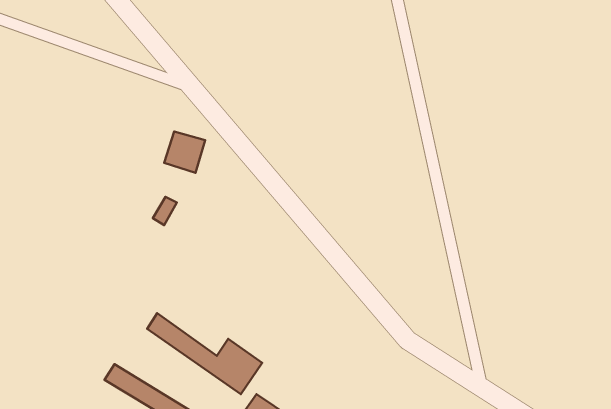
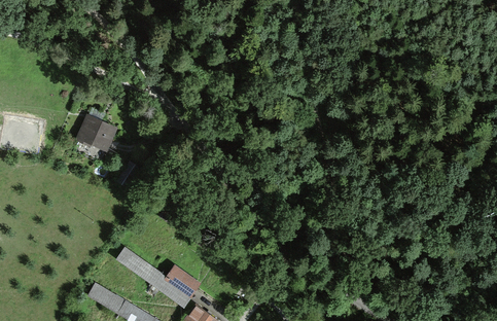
building: [164,132,205,173] -> [82,119,112,149]

